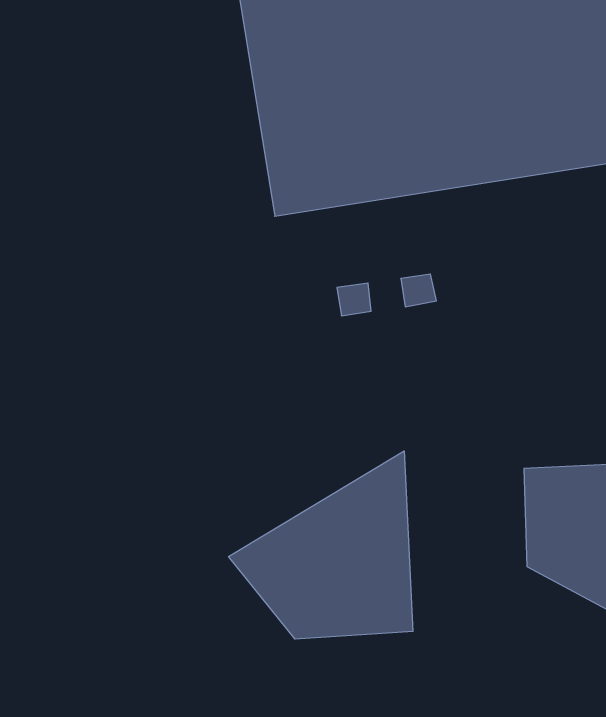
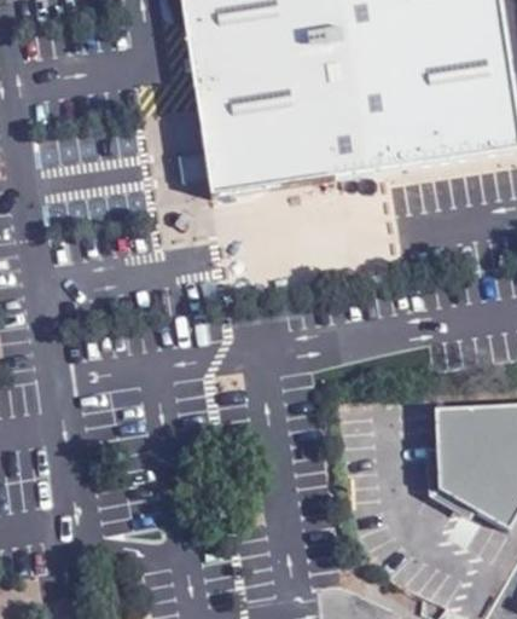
building: [229,451,413,639] -> none

